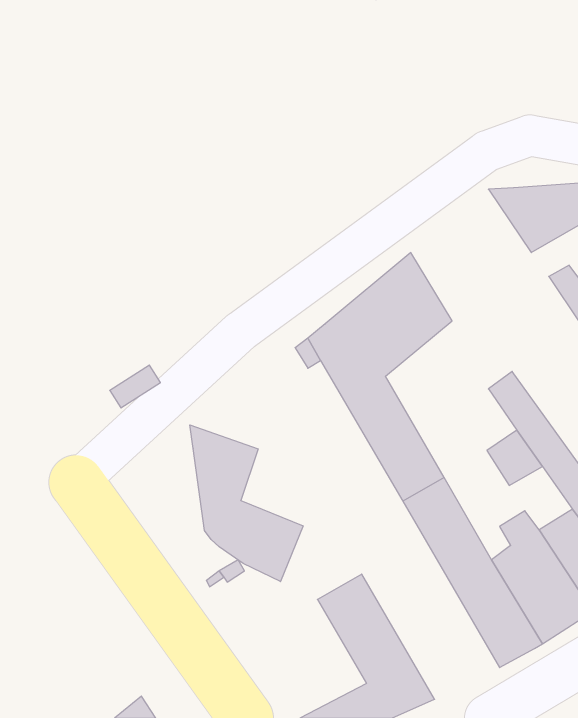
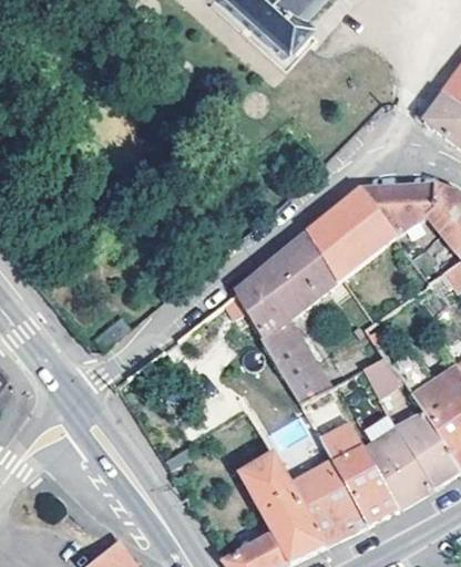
building: none -> [307,188,393,280]
building: [190,425,303,582] -> none
building: none -> [273,427,369,545]

